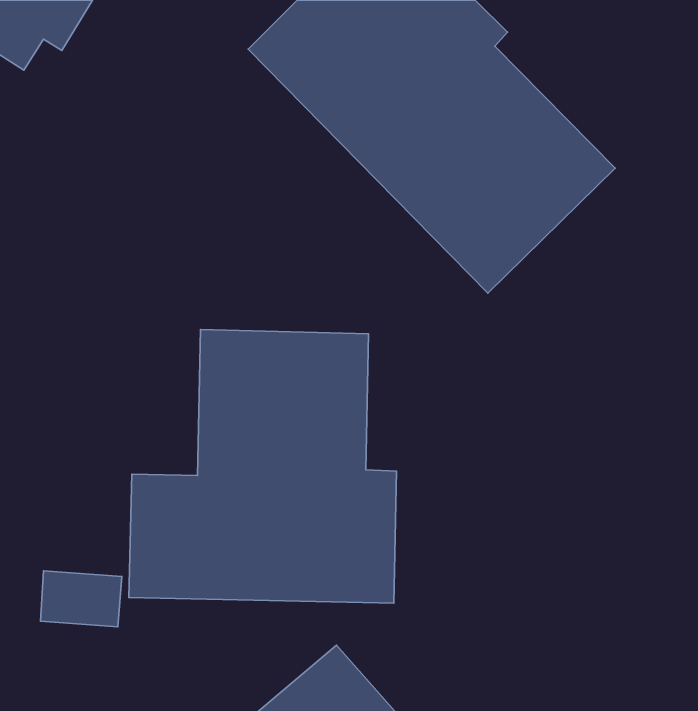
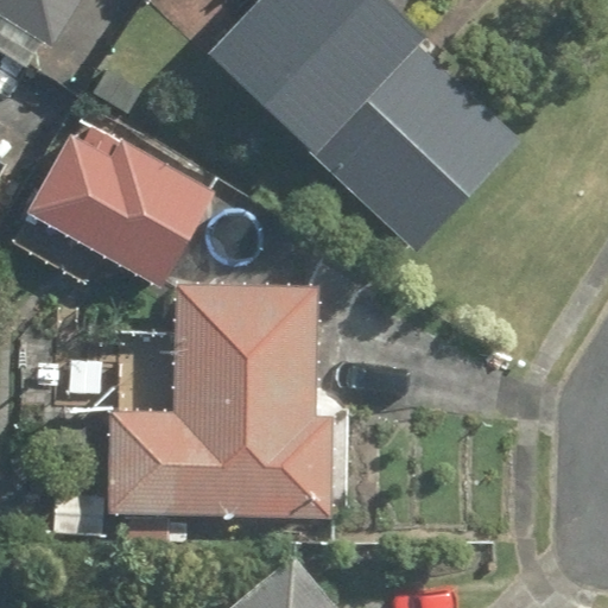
building: none -> [25,132,216,287]

